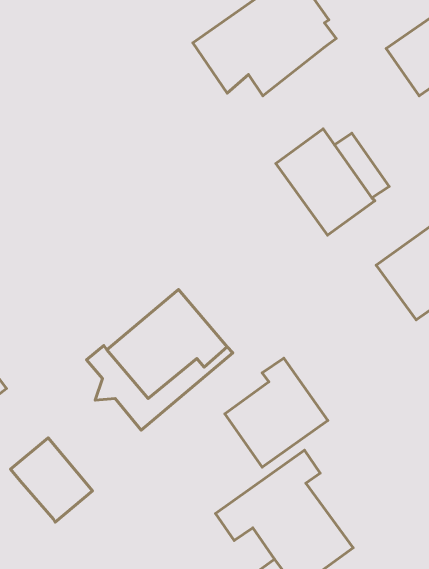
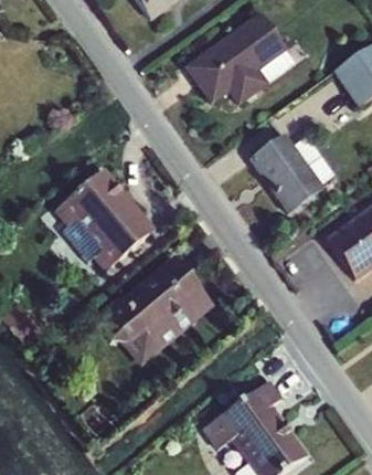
building: none -> [53,169,156,272]
building: [225,358,328,467] -> none
building: [11,438,93,522] -> none

